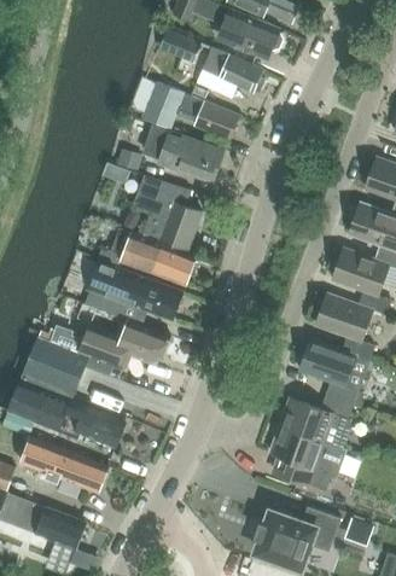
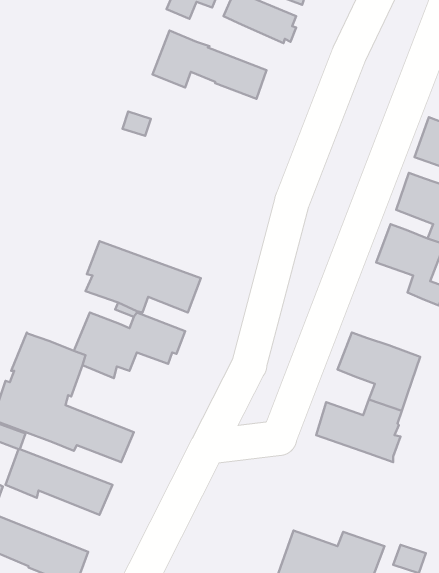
building: [144,126,223,182] -> none
building: [130,176,202,249] -> none
building: [97,228,196,286] -> none
building: [315,293,373,359] -> none
building: [270,425,346,490] -> none

